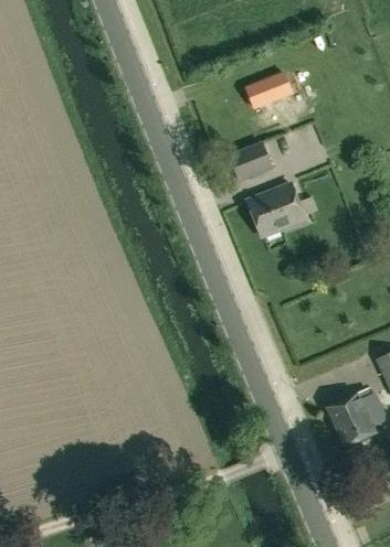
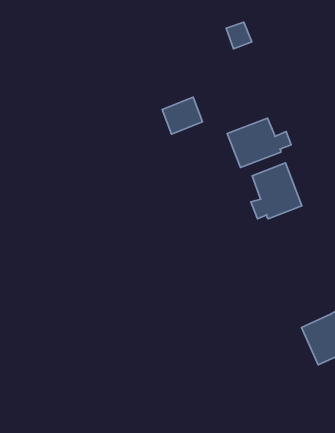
building: [230,142,273,182] -> [162,97,202,134]
building: none -> [251,163,302,219]

